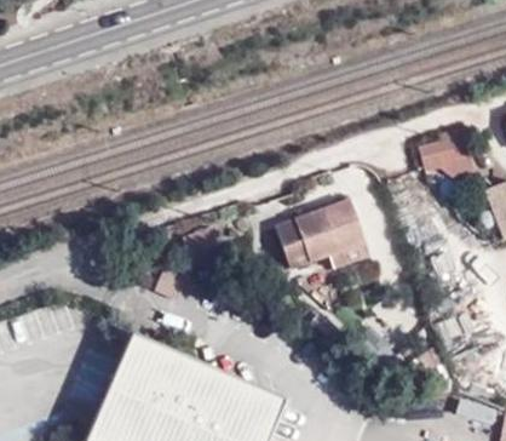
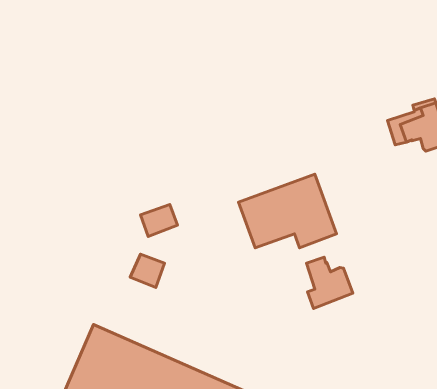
building: none -> [307,257,353,309]

